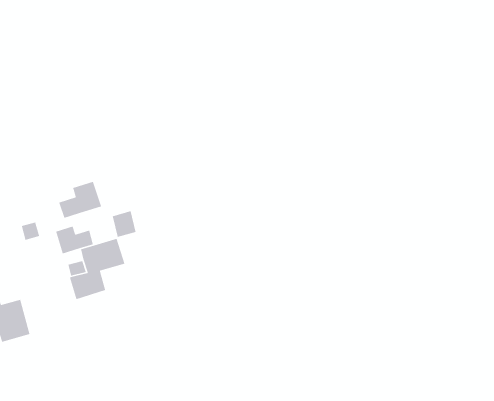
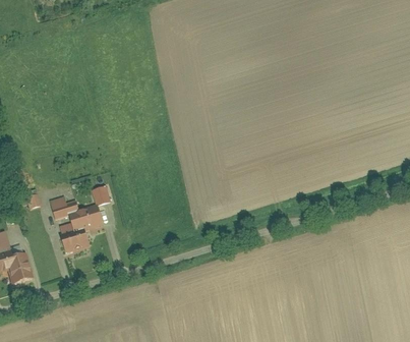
building: [58,181,102,219] -> none

